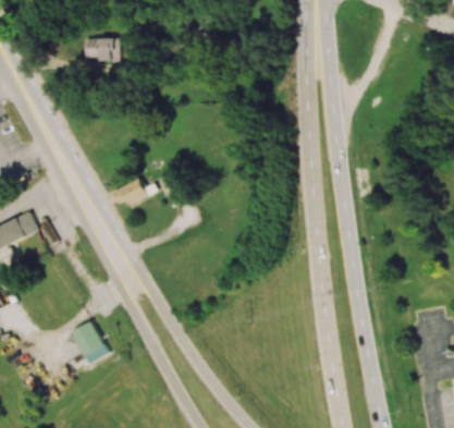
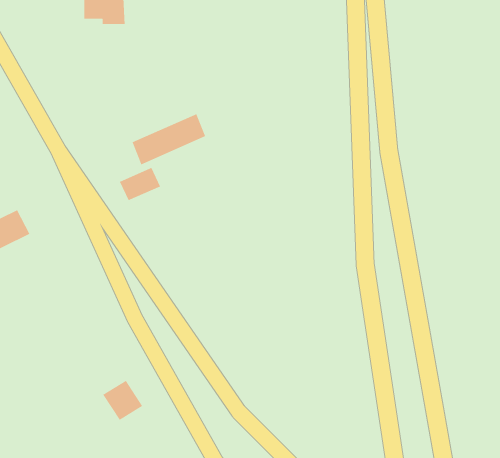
building: none -> [131,113,206,165]
building: [71,321,105,355] -> [102,380,143,421]

